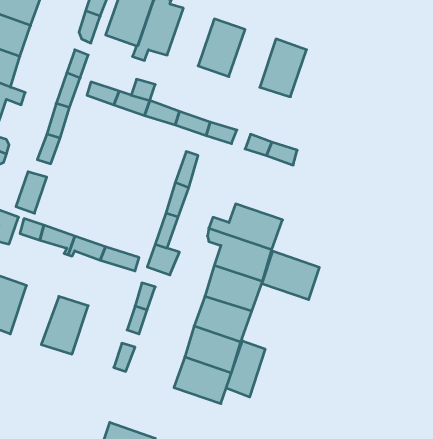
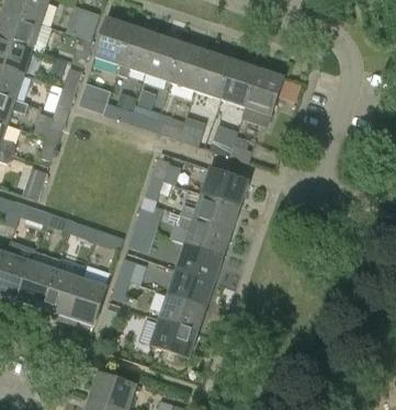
building: none -> [145,34,183,81]
building: none -> [195,52,234,99]
building: none -> [240,68,301,128]
building: [262,251,319,300] -> [201,168,248,207]
building: none -> [16,261,56,309]
building: none -> [67,277,106,326]
building: [226,341,265,397] -> none

